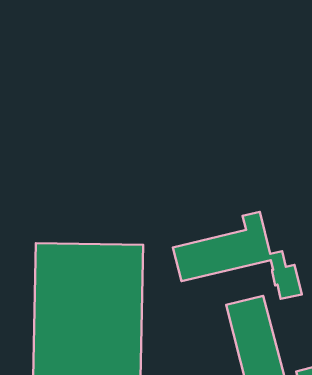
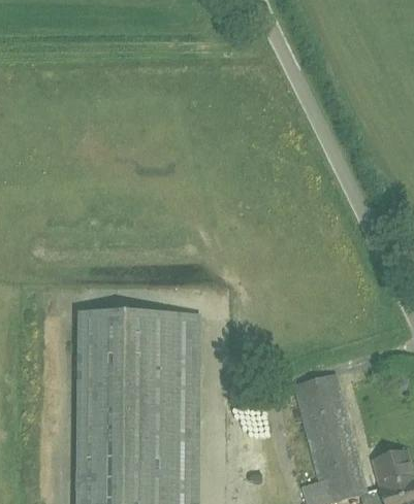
building: [173,212,302,299] -> none

